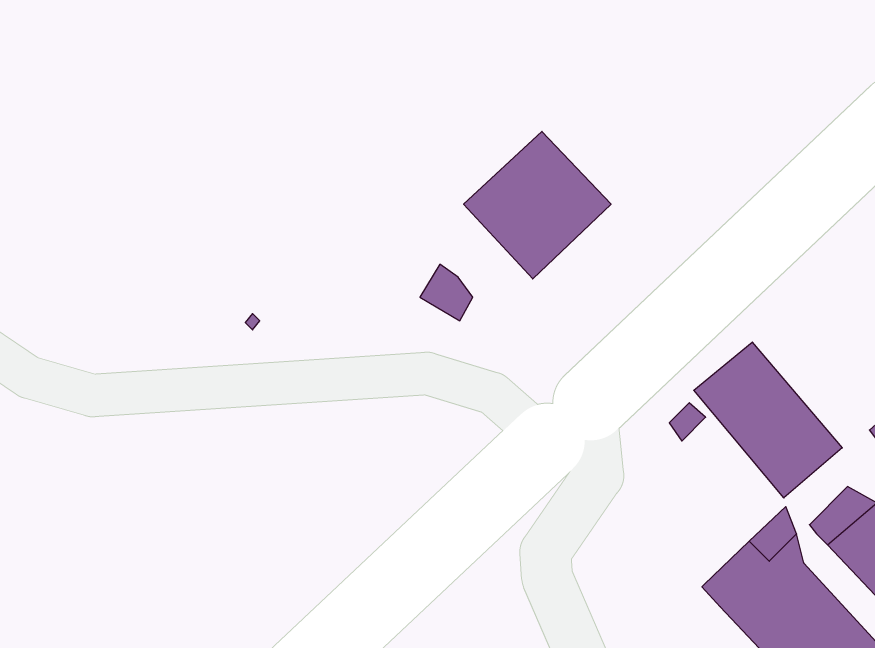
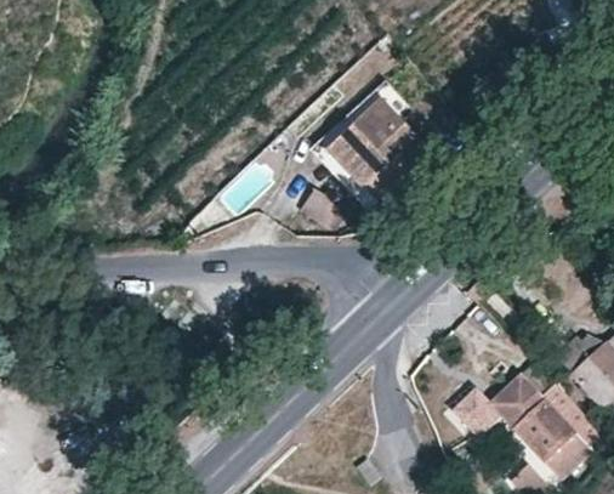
building: [694,342,842,498] -> none
building: none -> [450,386,499,436]

